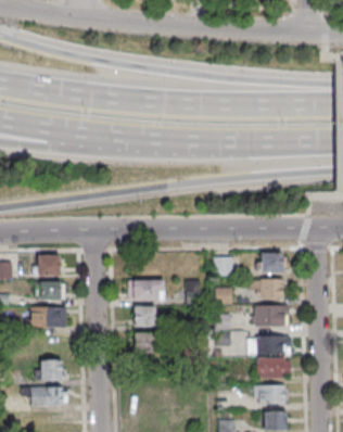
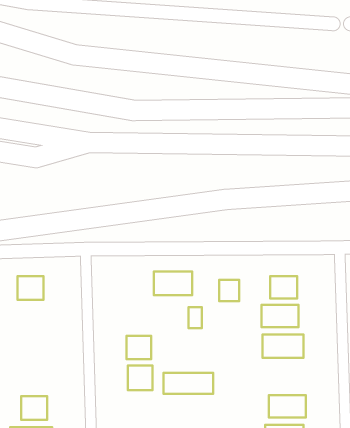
building: [36,281,64,301] -> none
building: [130,281,164,302] -> [154,272,192,295]
building: [30,307,67,327] -> none
building: [247,336,291,355] -> [164,373,213,394]

